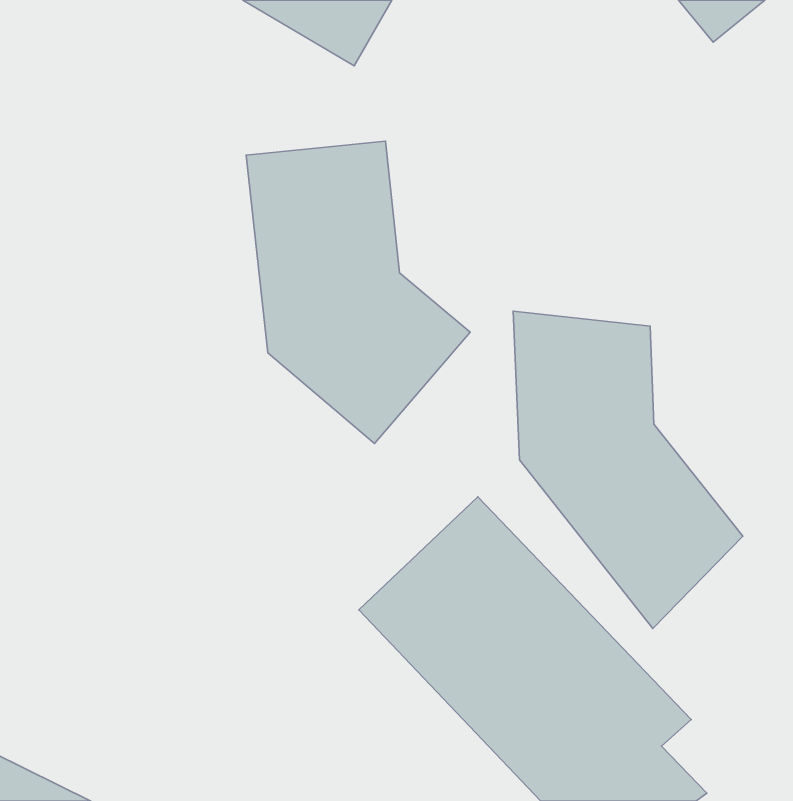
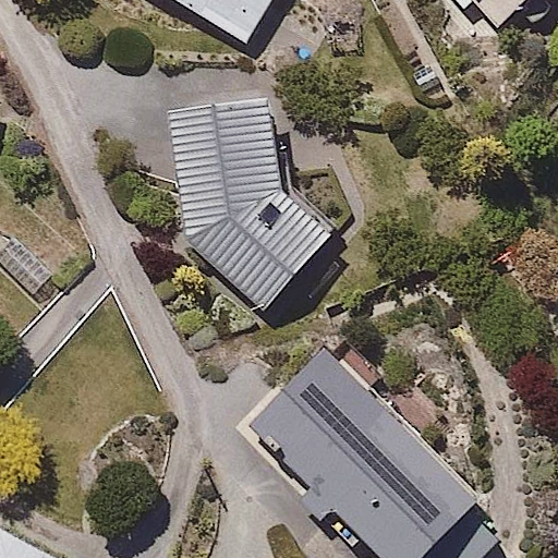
building: [513,311,743,628] -> none

